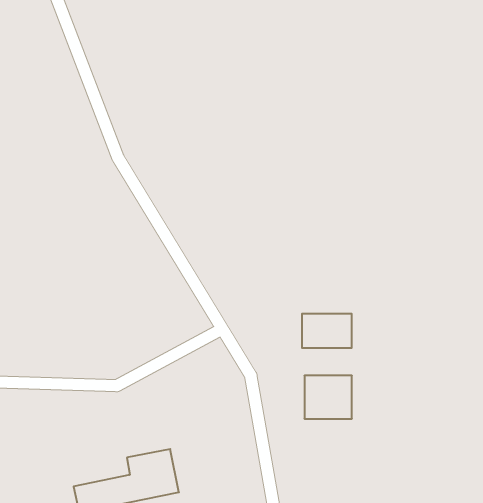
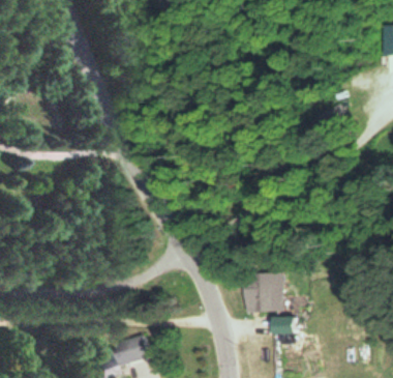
building: [302,314,352,348] -> none

